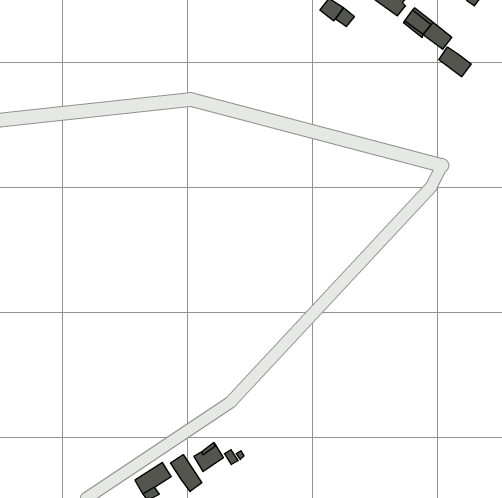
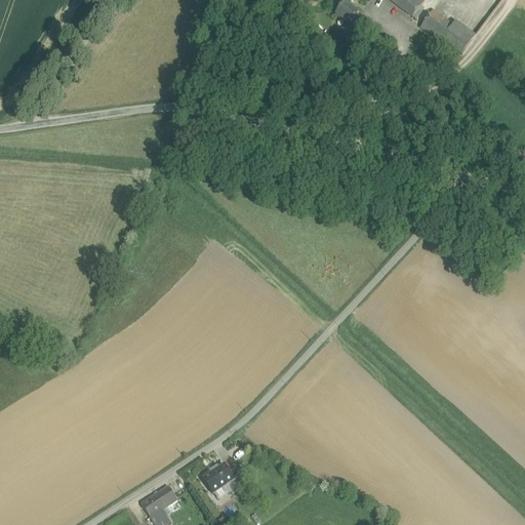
building: [439,47,471,77] -> none
building: [170,455,202,492] -> none

